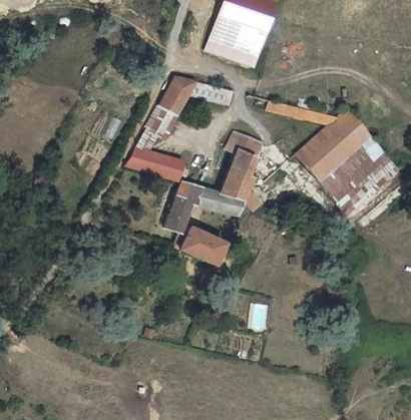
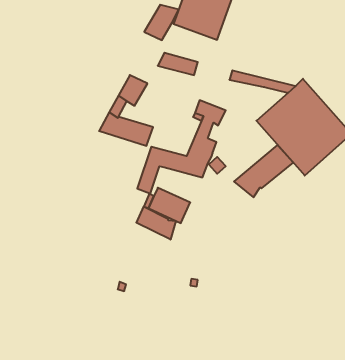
building: [158,75,195,113] -> [144,5,179,40]
building: none -> [234,145,293,197]
building: none -> [136,206,176,240]

